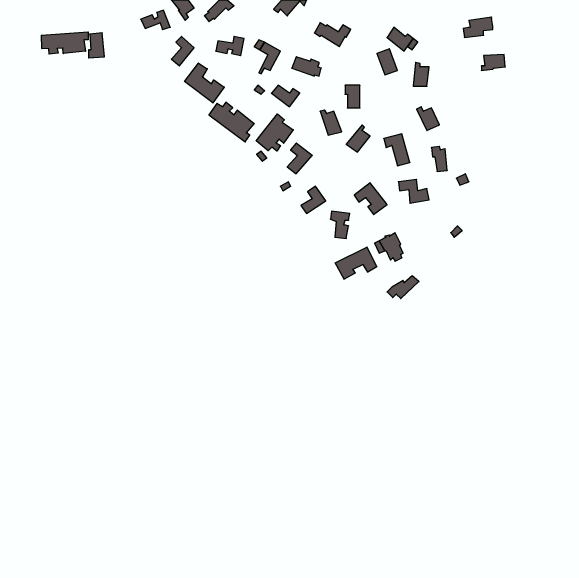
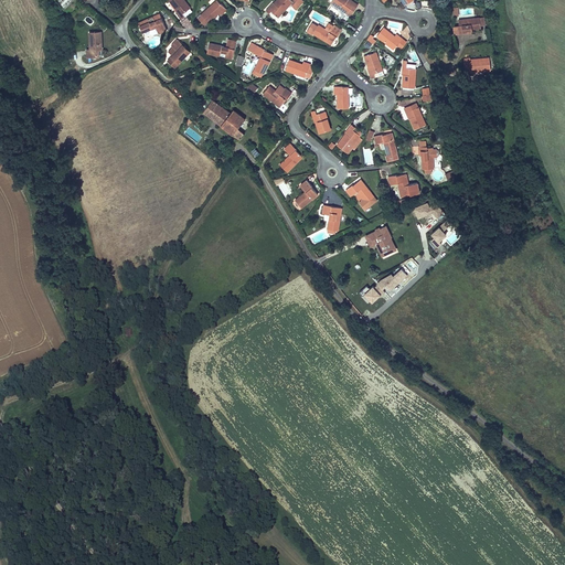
building: [41,32,88,54] -> none
building: [185,63,224,103] -> none
building: [256,114,293,151] -> none
building: [335,247,377,279] -> none

